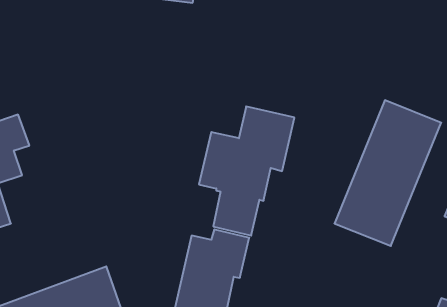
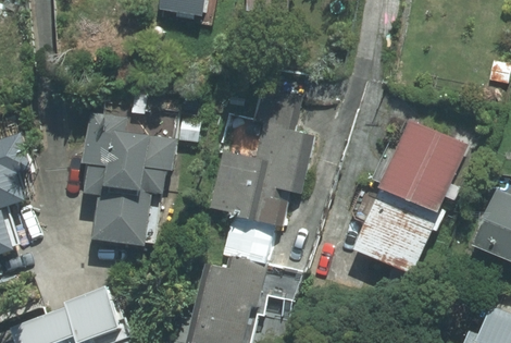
building: none -> [80,114,176,253]

